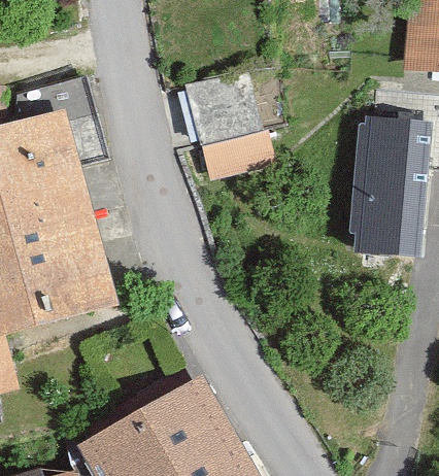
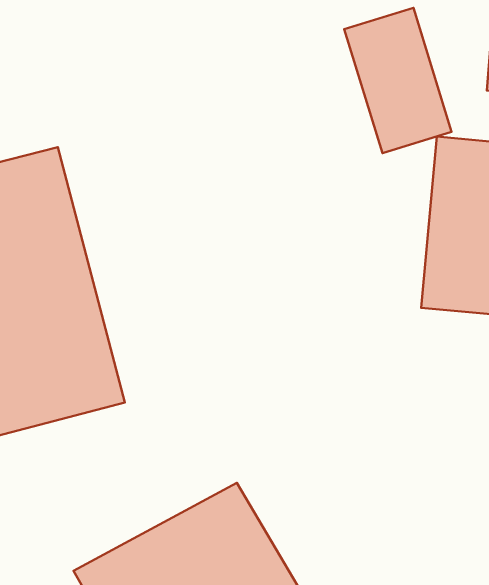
building: none -> [344,8,452,153]
building: [177,71,276,186] -> none

